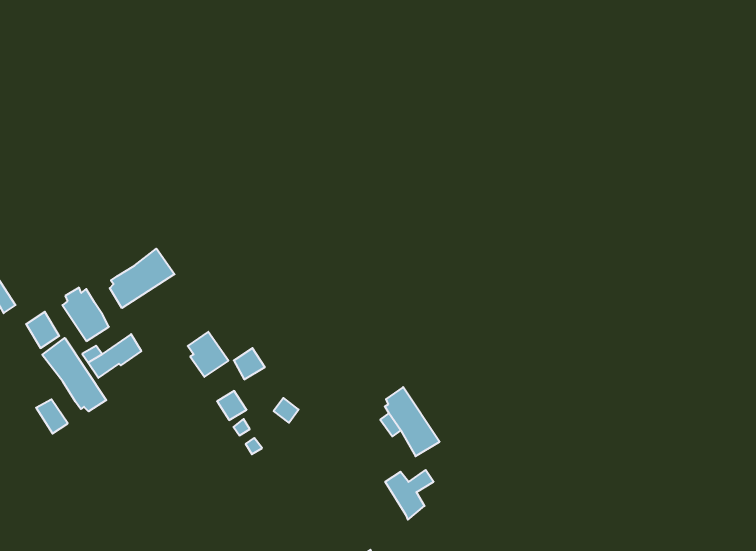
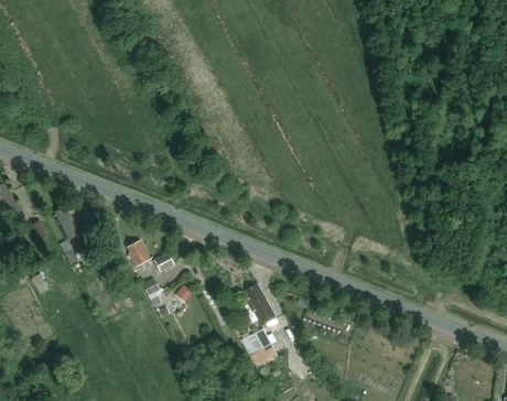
building: [110,249,175,308] -> none
building: [42,338,106,411] -> none

